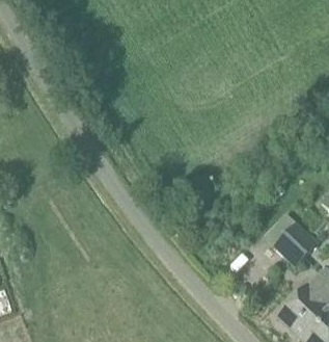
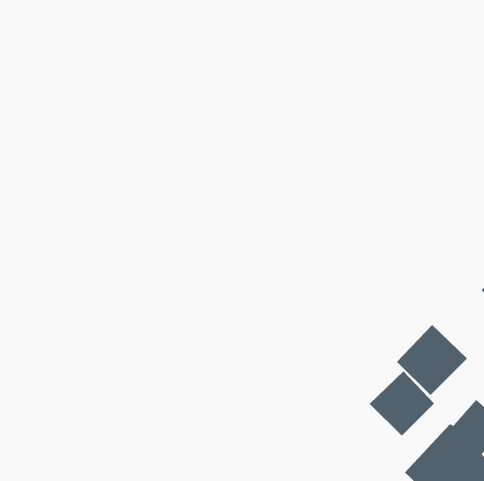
building: none -> [369,371,435,437]

